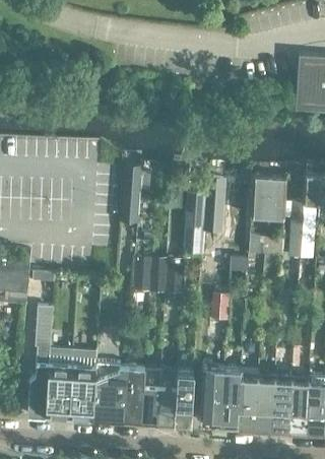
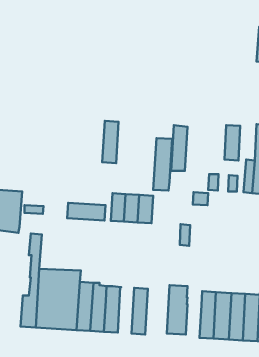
building: [251,176,269,217] -> none
building: none -> [67,203,105,220]
building: [221,367,241,428] -> none
building: [141,368,160,422] -> none
building: [174,370,193,424] -> none

